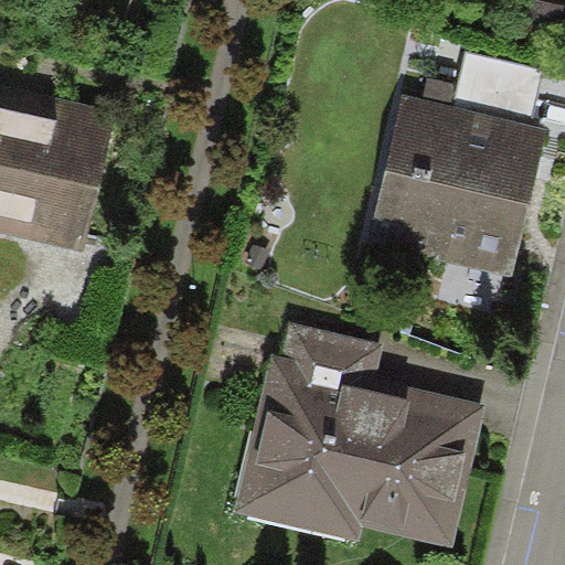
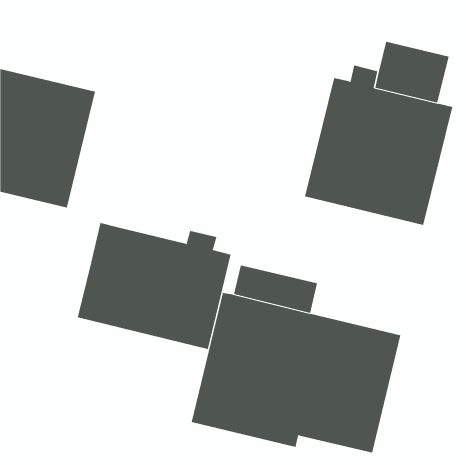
building: none -> [77,222,231,350]

